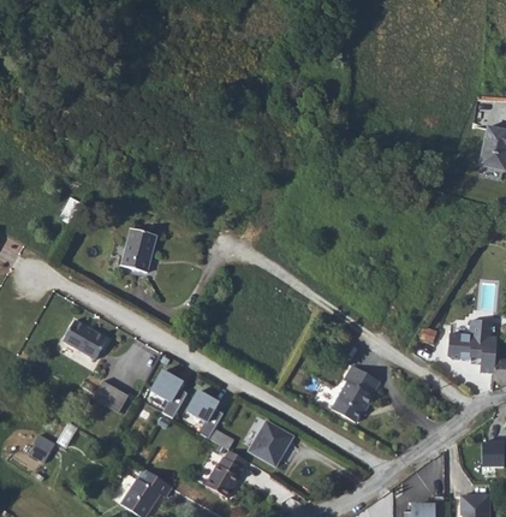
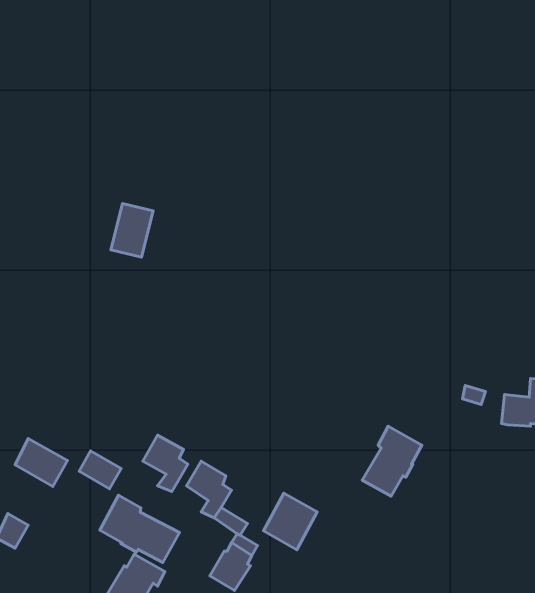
building: [121,226,156,271] -> [111,204,153,257]
building: [67,321,111,361] -> [15,439,67,486]
building: none -> [100,495,180,563]

